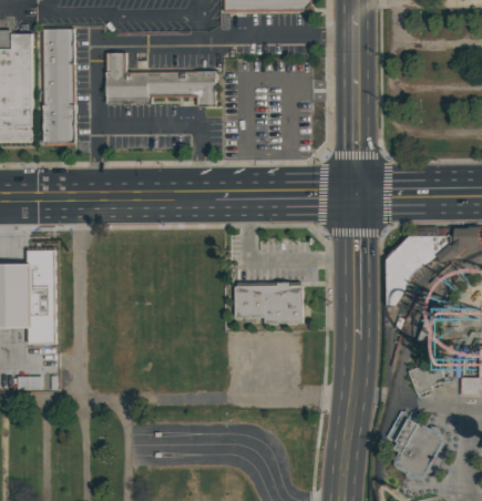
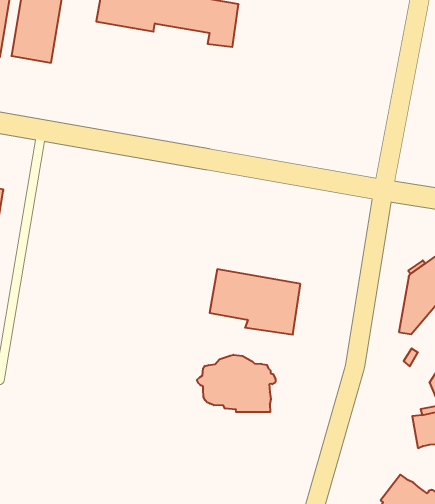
building: none -> [197,355,276,412]

